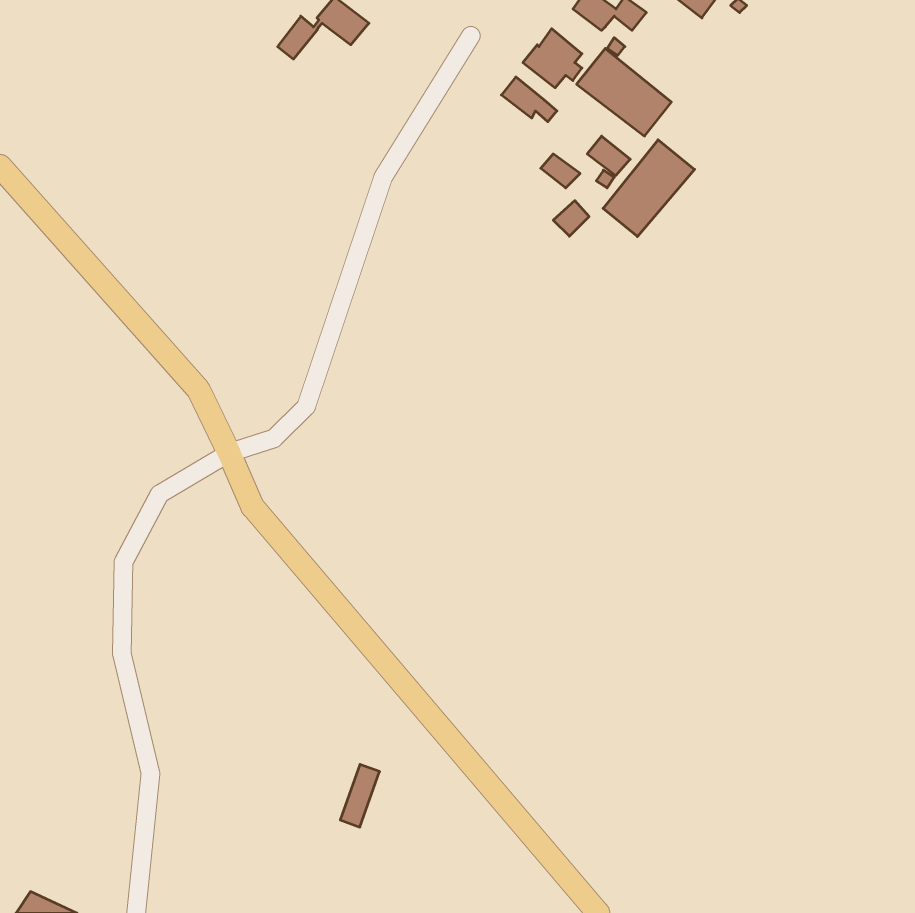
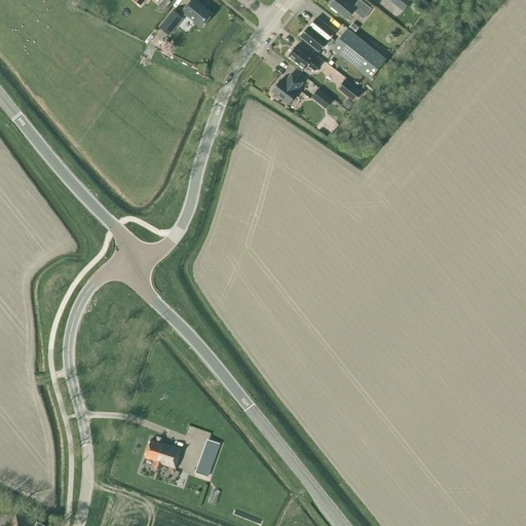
building: none -> [271,73,302,103]
building: [603,140,695,237] -> none
building: none -> [145,439,181,468]

